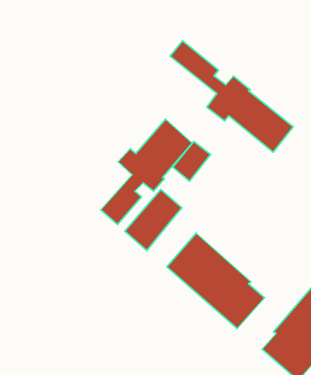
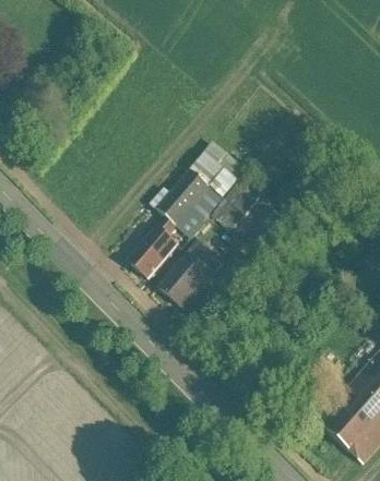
building: [170,41,293,152] -> none
building: [167,233,264,329] -> none

